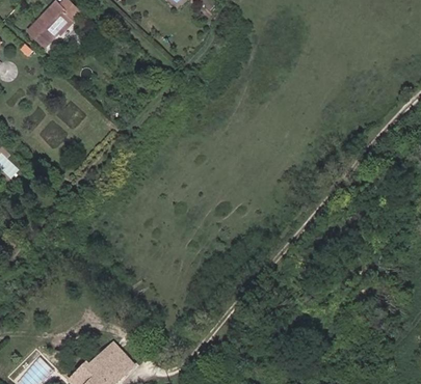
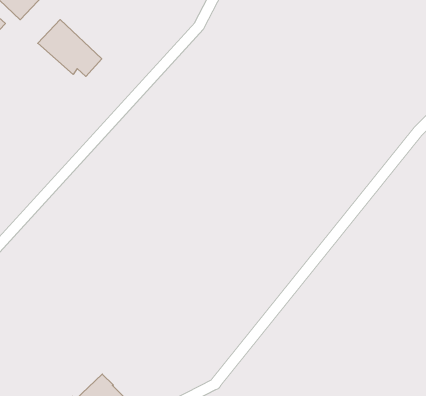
building: none -> [38,20,102,76]

